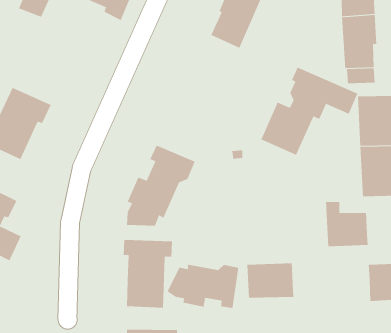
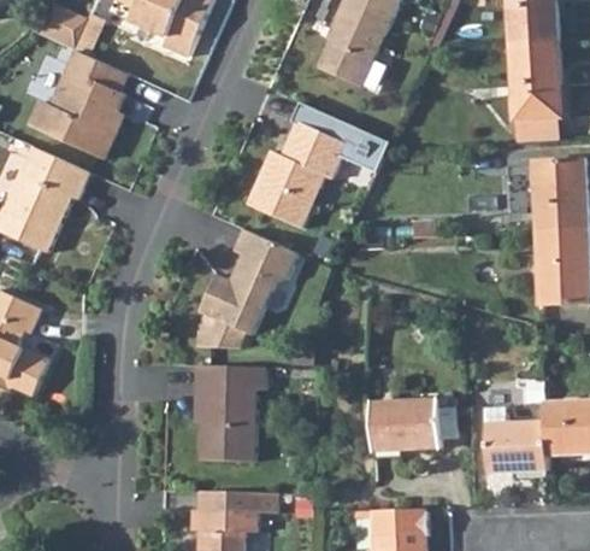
building: none -> [31,47,129,156]
building: [260,67,358,156] -> [247,102,388,230]
building: [325,202,369,247] -> [486,408,549,473]
building: [167,264,239,309] -> none

